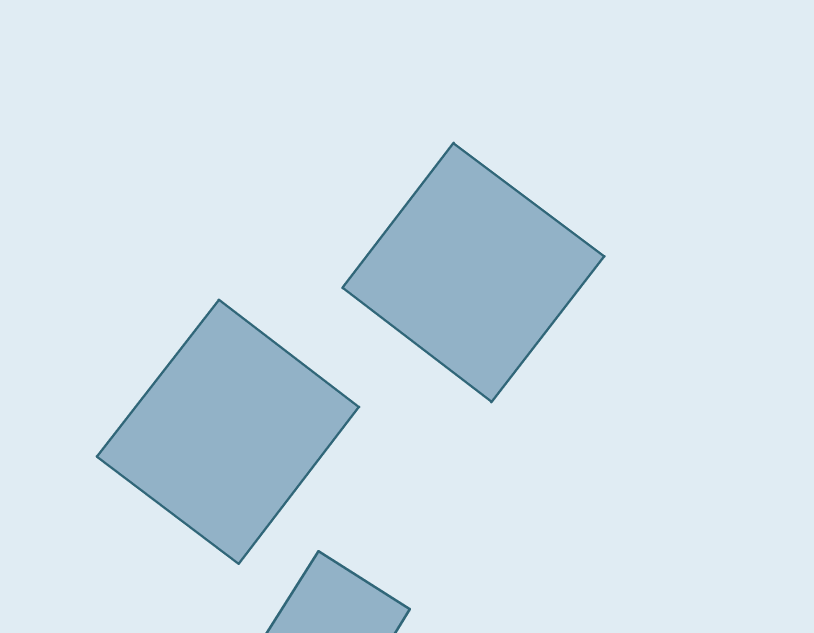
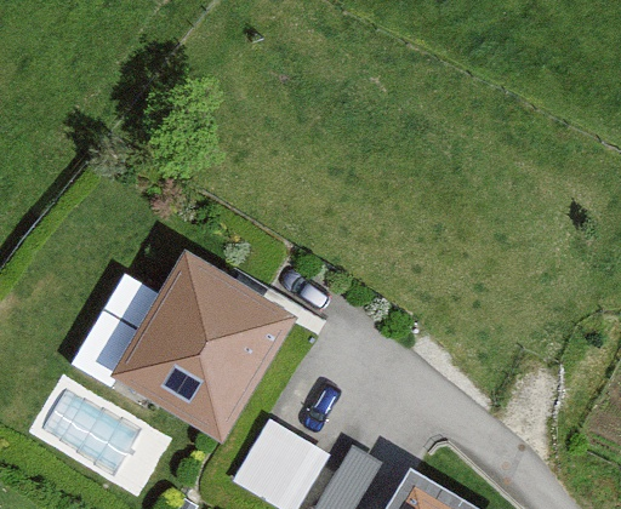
building: [343,143,604,402] -> none

